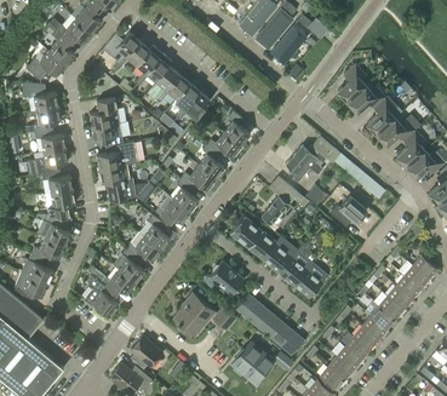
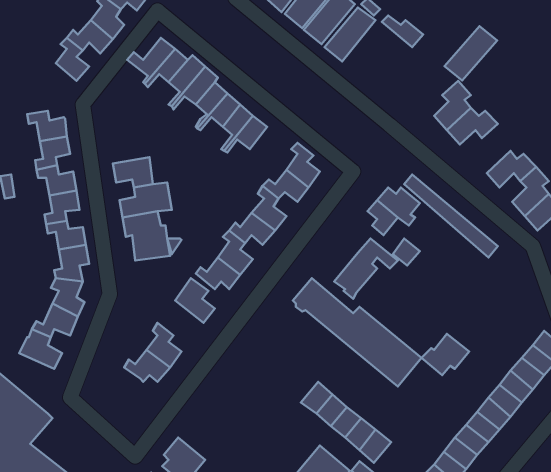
building: [269,23,309,64] -> [445,26,497,80]
building: [25,51,64,79] -> none
building: [367,97,395,134] -> none
building: [90,98,120,127] -> none
building: [329,195,366,226] -> [422,334,469,375]
building: [126,231,161,259] -> none
building: [208,260,245,294] -> none
building: [13,271,47,298] -> none
building: [84,276,118,315] -> none
building: [173,292,235,335] -> none

